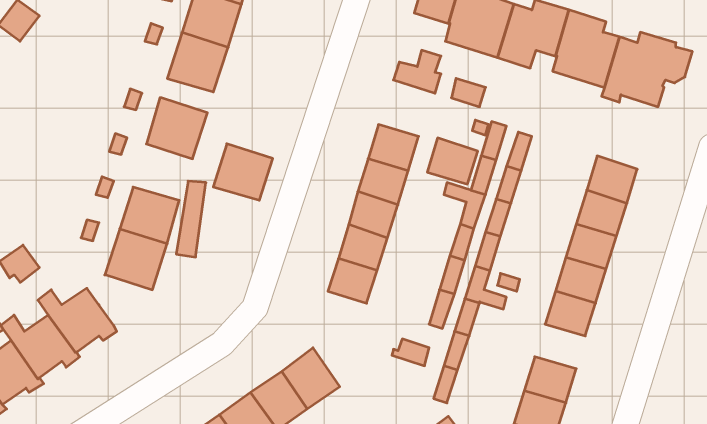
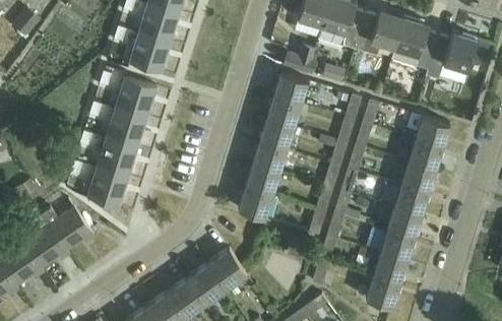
building: [427,138,478,184] -> [273,71,308,103]
building: [213,144,273,200] -> [106,108,146,146]
building: none -> [366,226,415,261]

